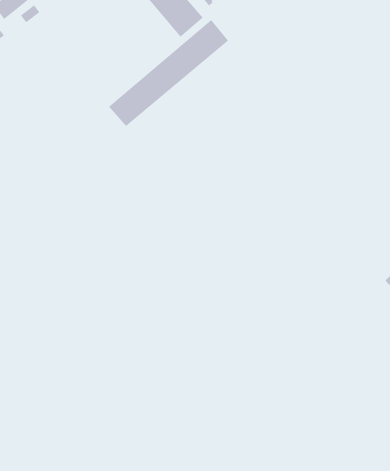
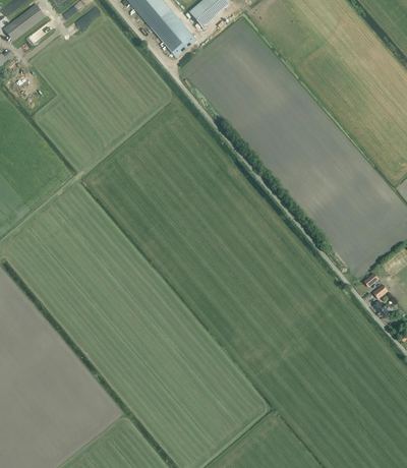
building: [108,19,229,127] -> none

